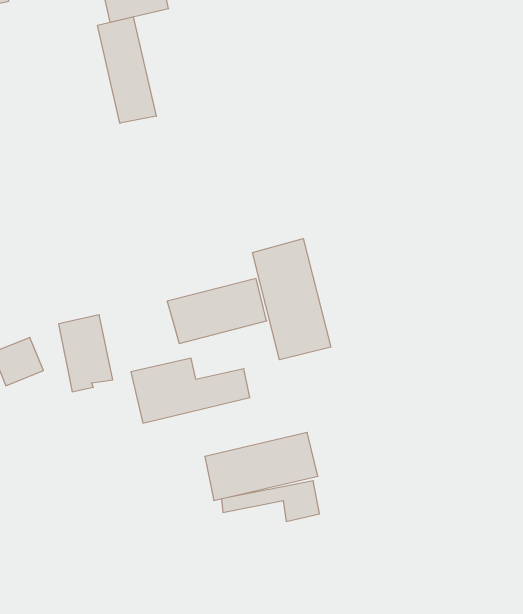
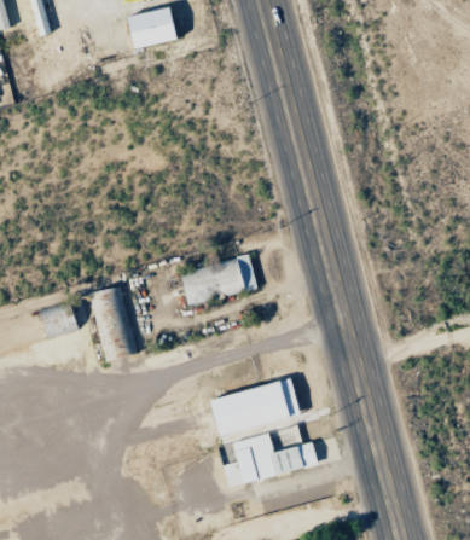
building: [98,17,156,123] -> none
building: [253,239,331,360] -> none
building: [131,358,250,423] -> [221,434,317,486]

